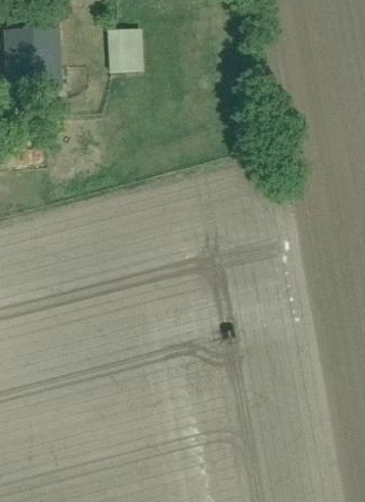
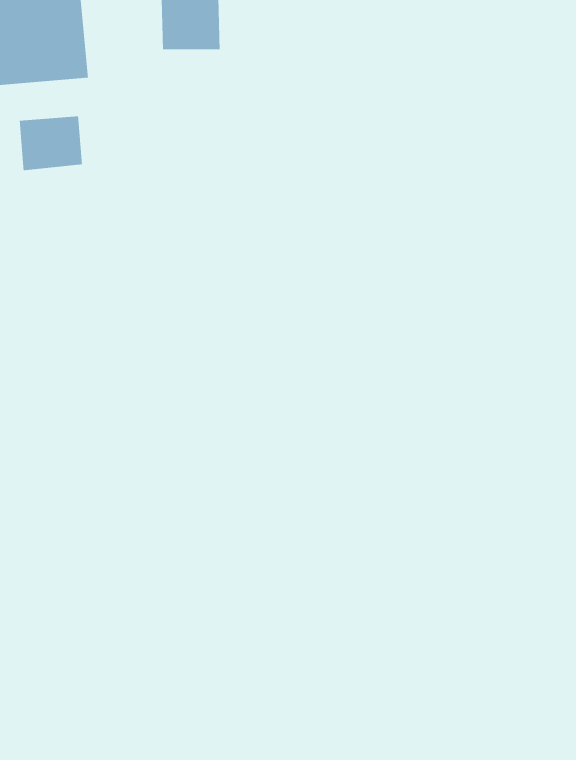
building: none -> [19,115,83,171]

